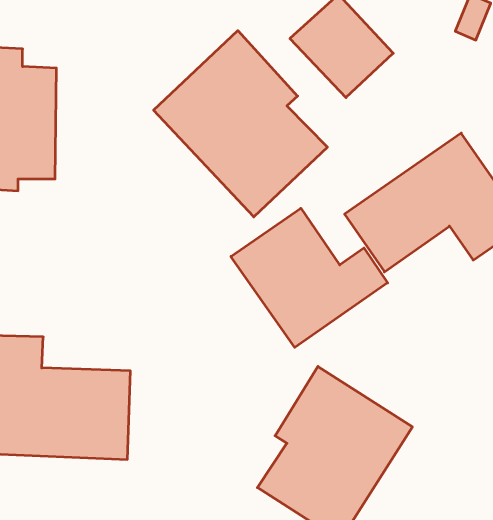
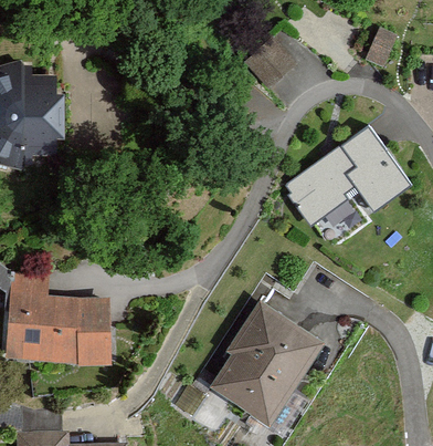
building: [154,31,327,217] -> none
building: [231,208,388,347] -> none

